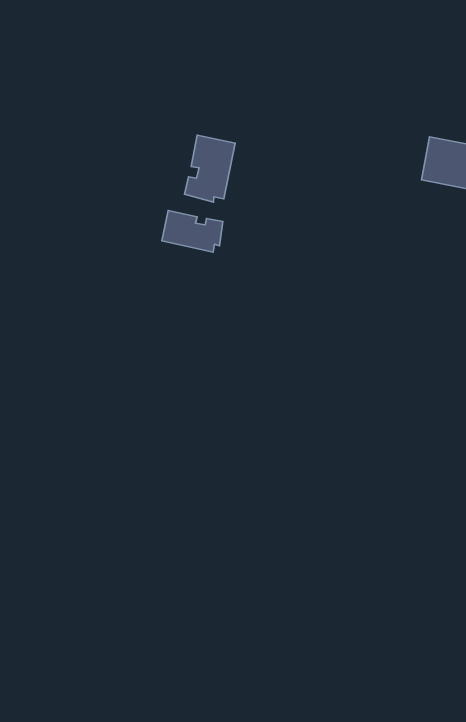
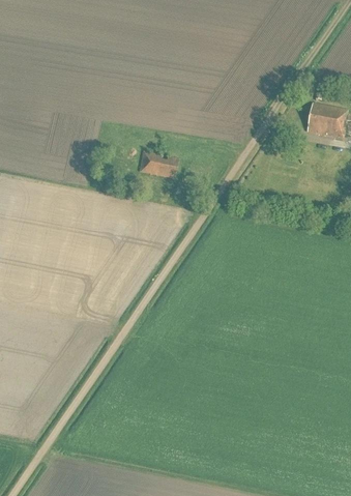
building: [185,135,235,202] -> none

